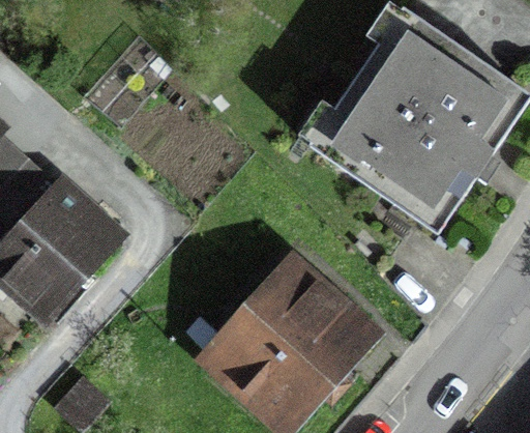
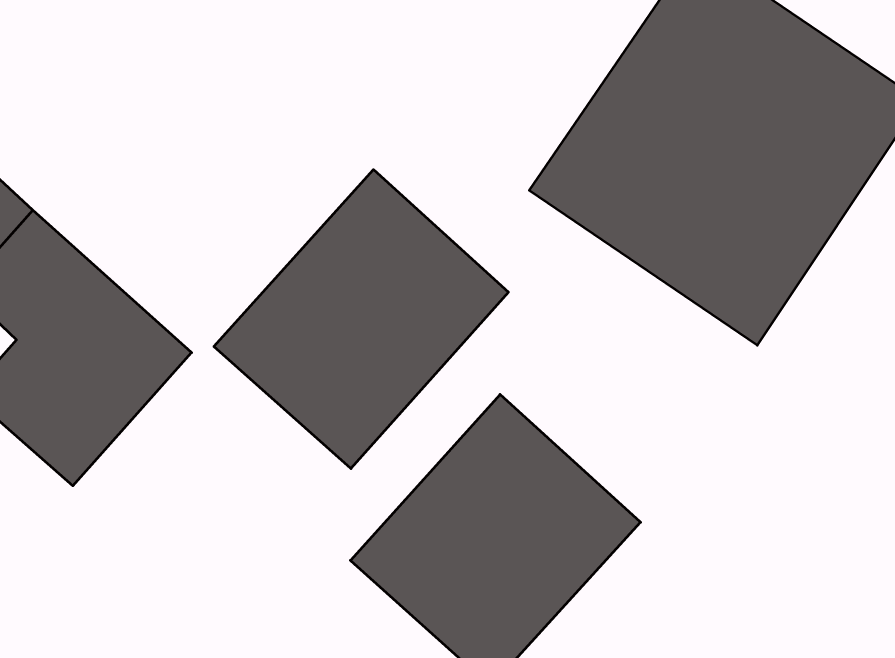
building: none -> [214,170,508,469]

